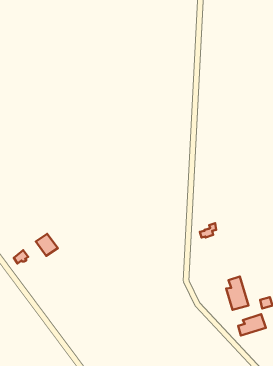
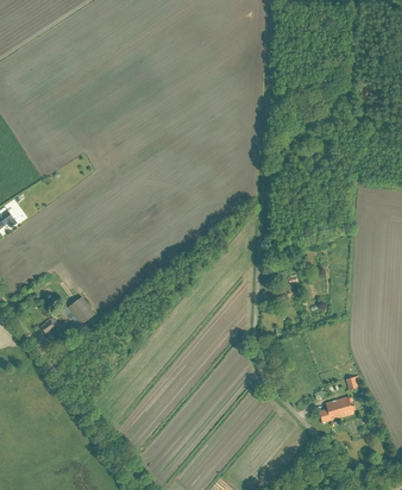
building: [226,277,249,310] -> none

